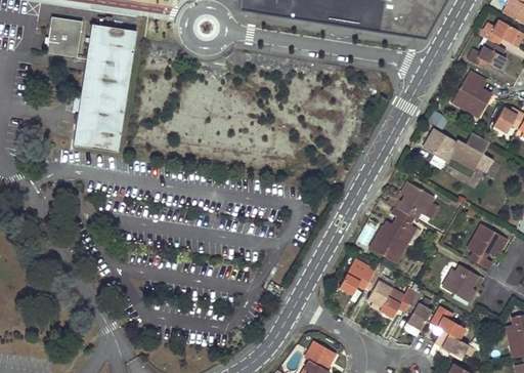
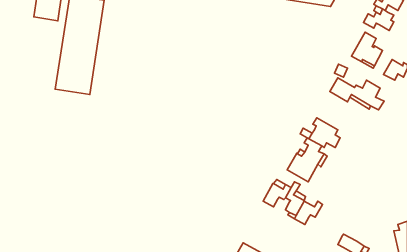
building: [467,223,507,268] -> none
building: [441,263,478,301] -> none
building: [406,291,431,329] -> none
building: [429,305,465,338] -> none

